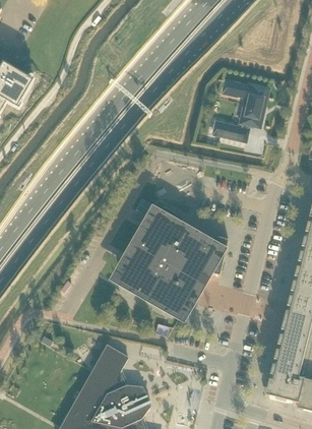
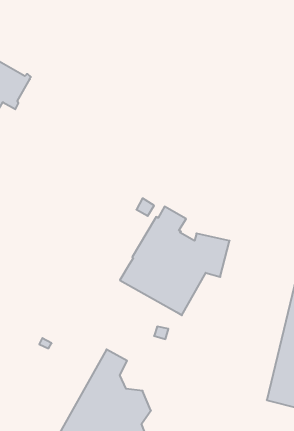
building: [214,81,268,140] -> none

